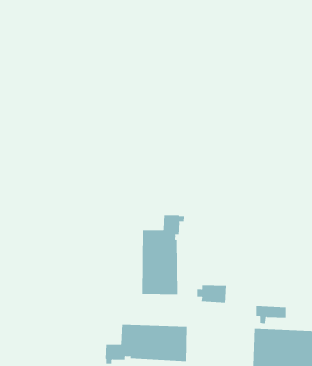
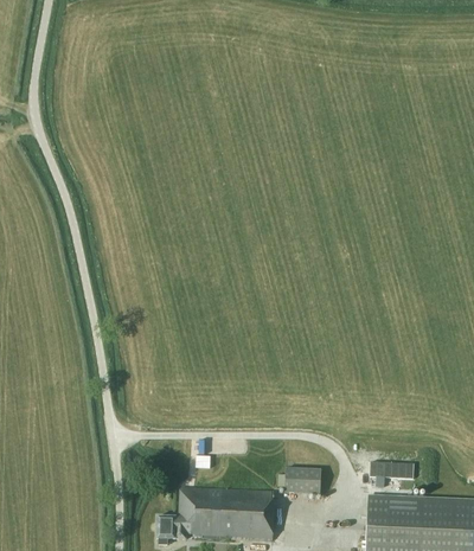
building: [142,215,184,295] -> none
building: [197,285,227,303] -> [278,468,321,494]

